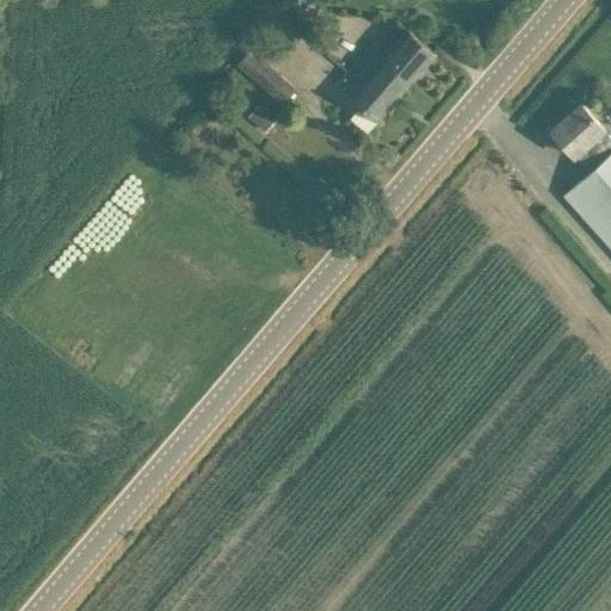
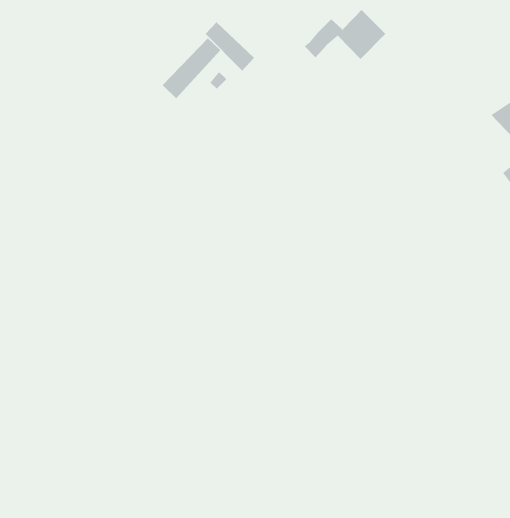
building: [335,61,408,123] -> none
building: none -> [162,37,221,99]

